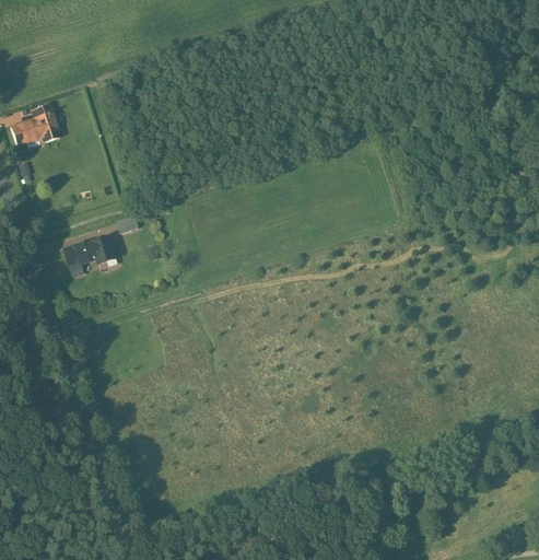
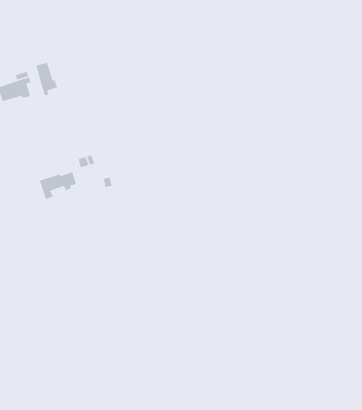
building: none -> [35,62,58,97]

